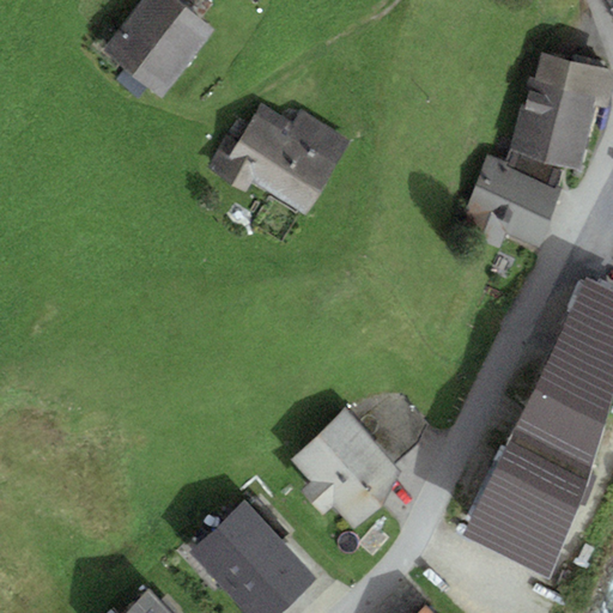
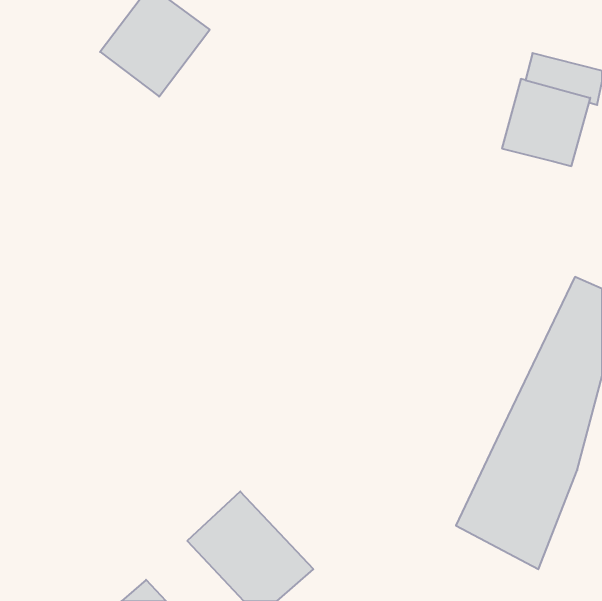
building: [208,103,352,213] -> none
building: [466,151,563,247] -> none
building: [291,406,403,528] -> none

